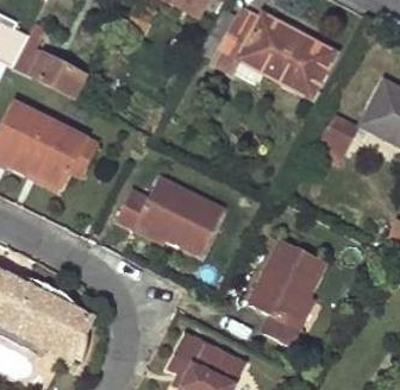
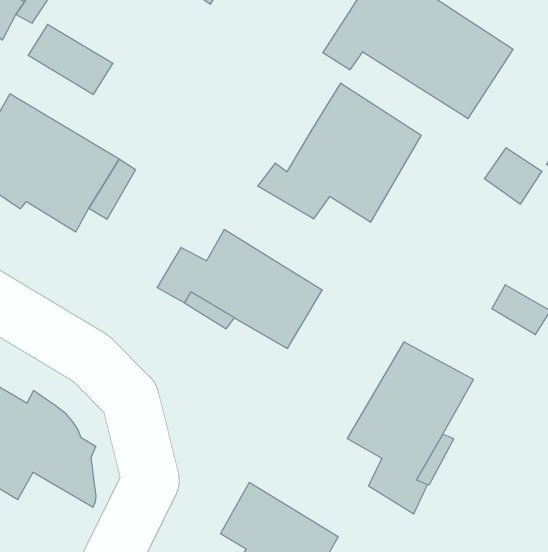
building: none -> [258,83,421,222]

